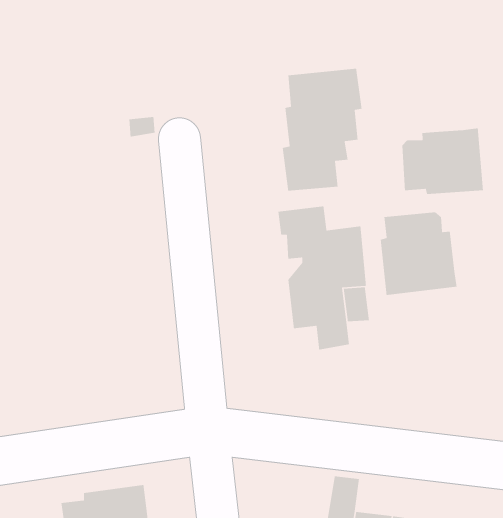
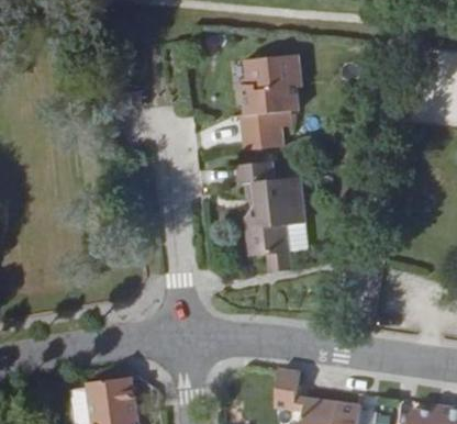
building: [402,128,484,195] -> none
building: [380,212,458,296] -> none

